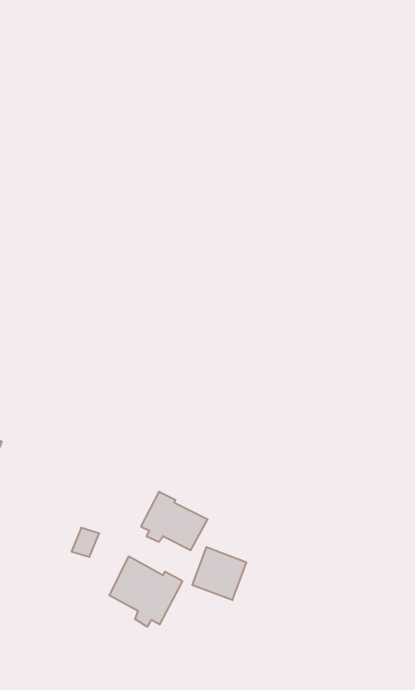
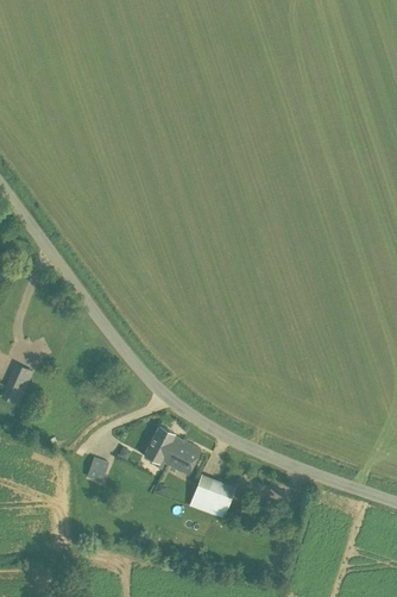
building: [109,556,182,627] -> none

